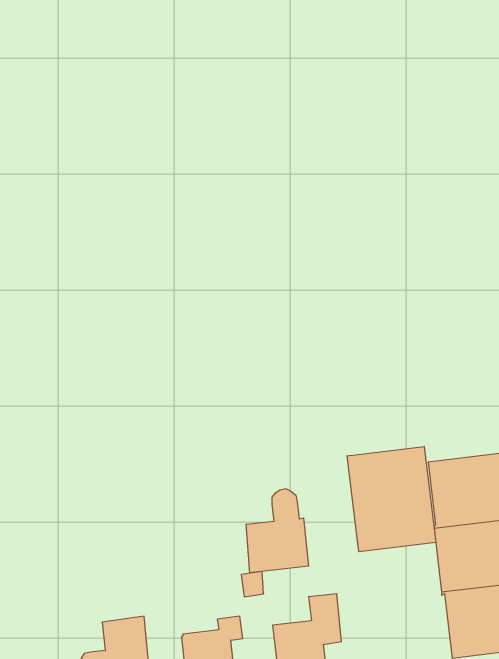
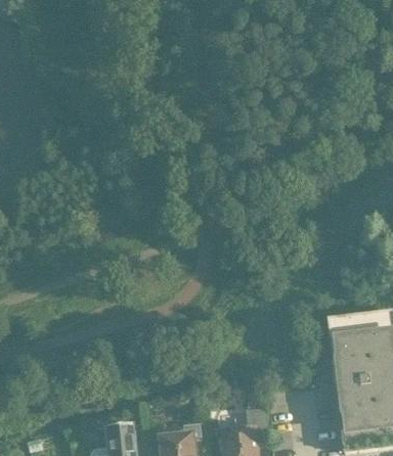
building: [347,446,436,552] -> none
building: [246,489,309,573] -> none

